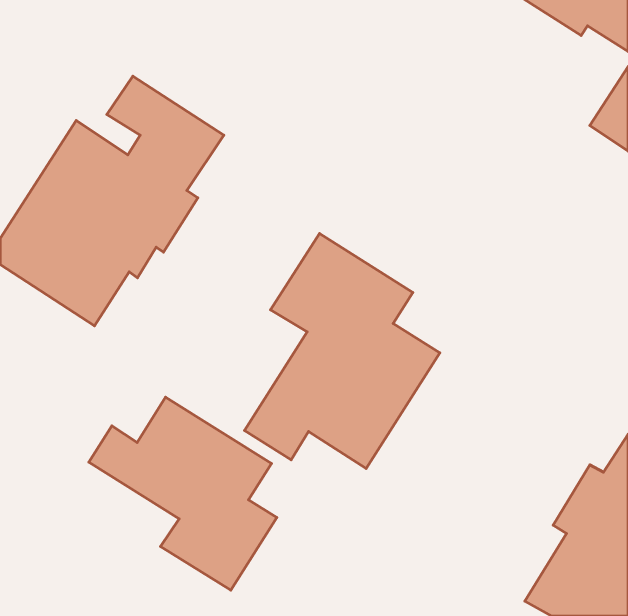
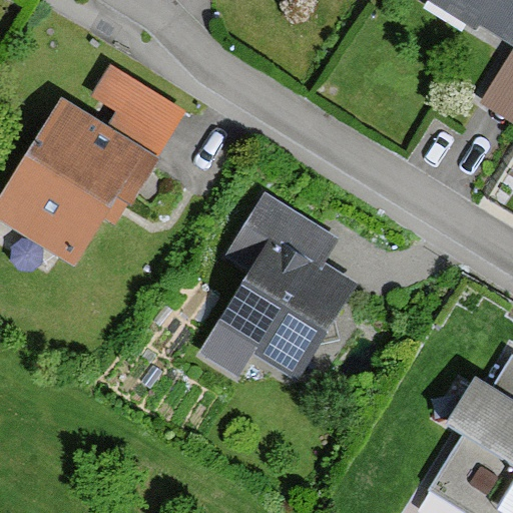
building: [89,397,277,590] -> none

